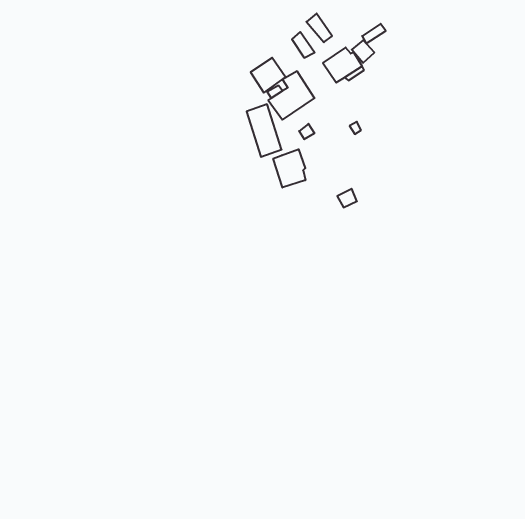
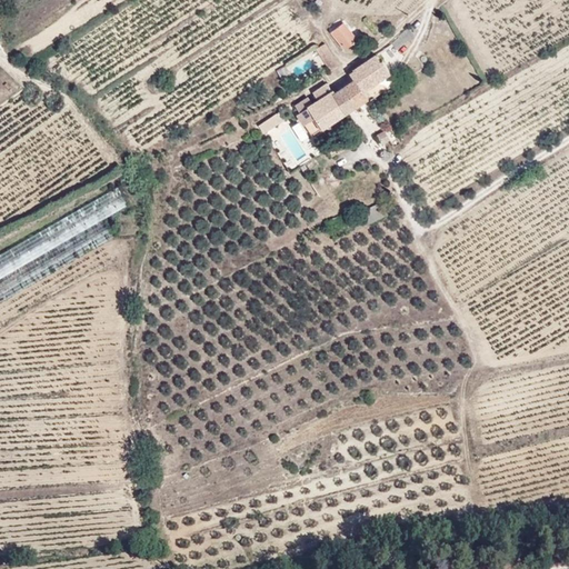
building: [251,58,286,93] -> [327,77,365,114]
building: [273,149,305,188] -> none

